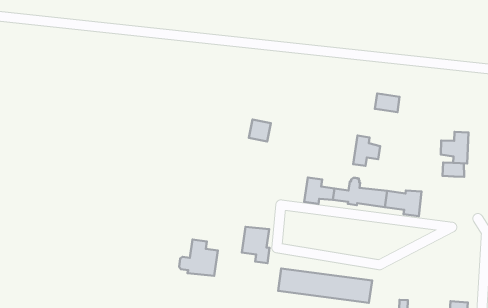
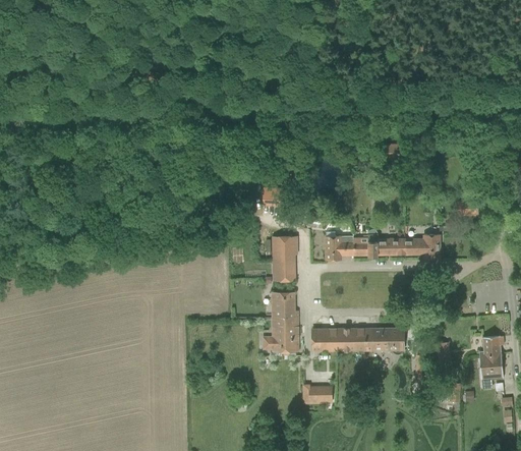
building: [441,132,468,163] -> none
building: [353,136,380,166] -> none
building: none -> [272,236,297,281]
building: [179,239,218,276] -> [263,319,298,352]

